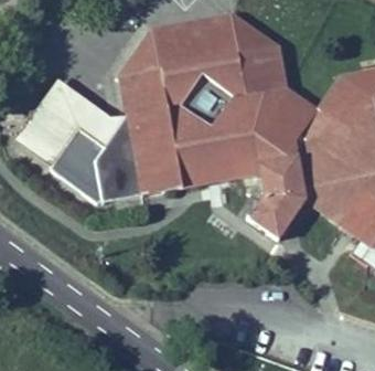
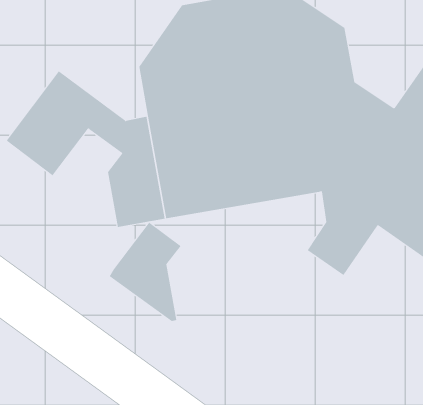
building: [51,125,107,202] -> [109,222,182,322]

